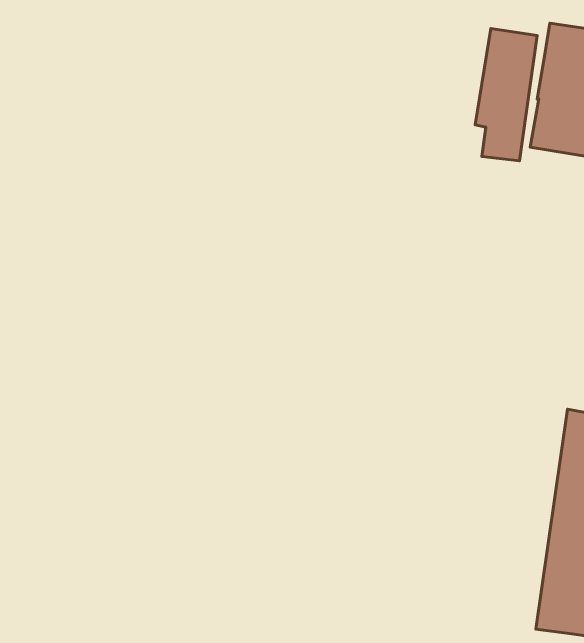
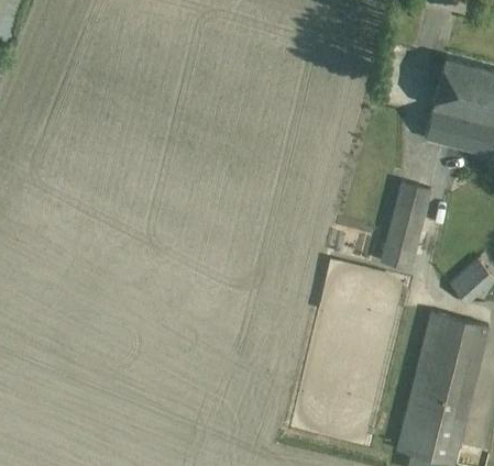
building: [475,28,537,161] -> [386,184,432,271]

